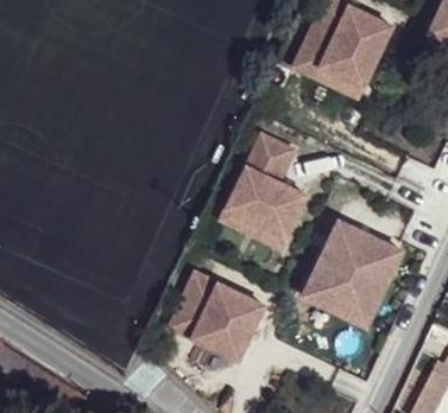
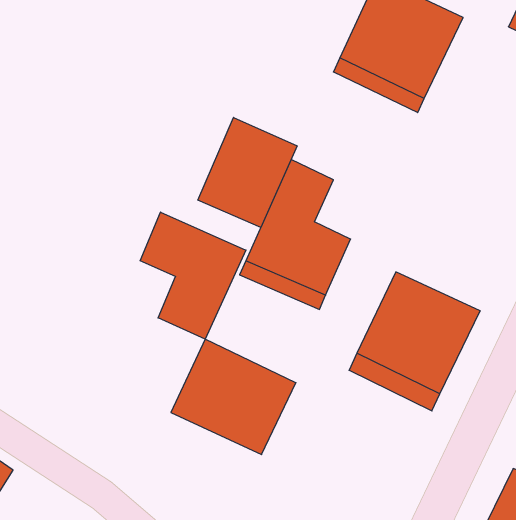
building: none -> [198,117,297,227]
building: none -> [140,212,246,339]

